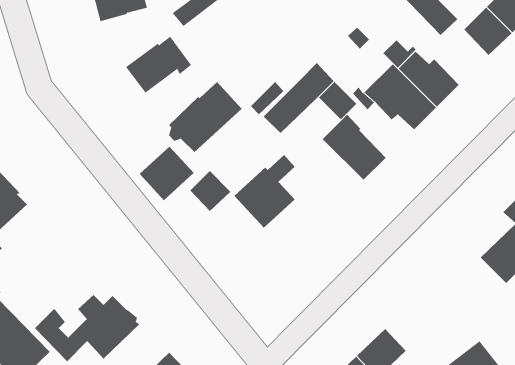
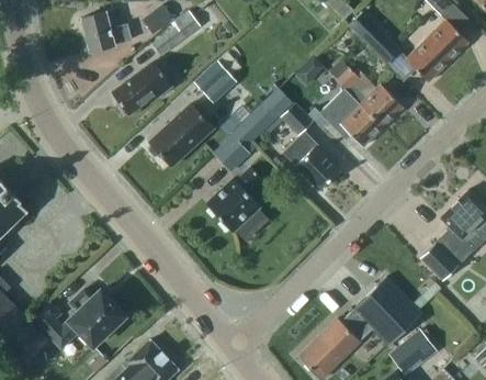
building: none -> [195,62,237,103]
building: [139,146,194,201] -> none
building: [190,170,231,212] -> [214,135,250,171]
building: none -> [353,277,421,345]

